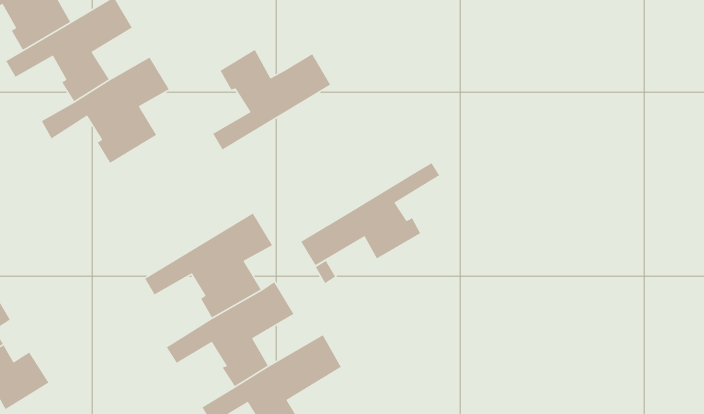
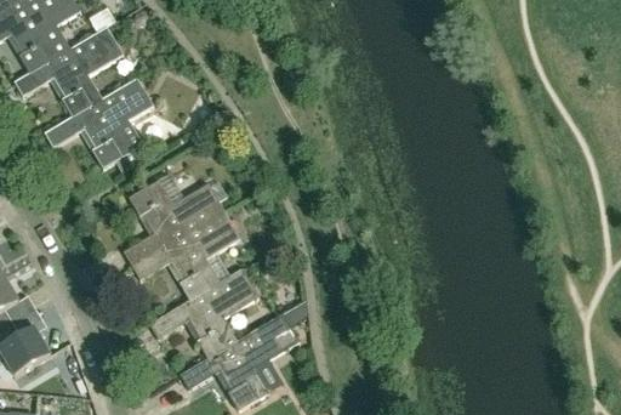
building: [212,49,331,151] -> [123,178,223,265]
building: [300,162,440,266] -> none

